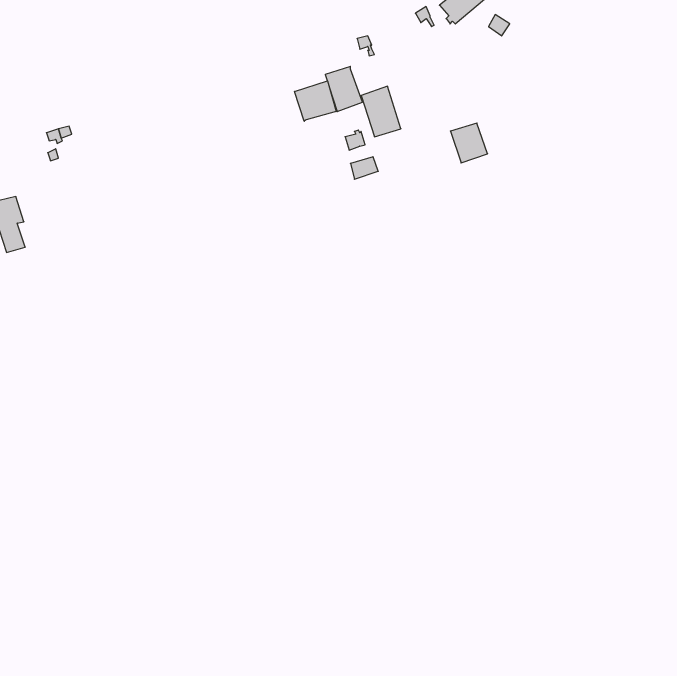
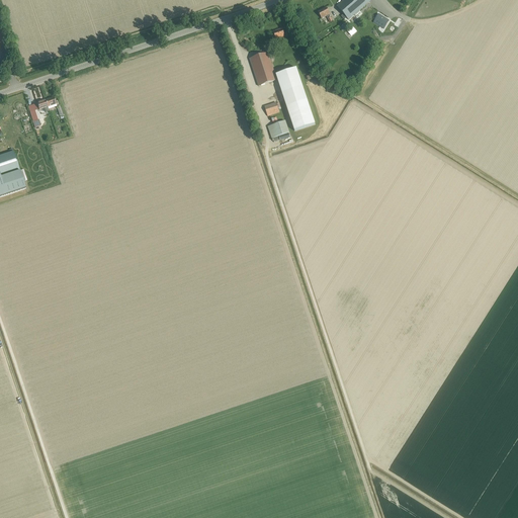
building: [295,81,336,121] -> none
building: [450,123,488,163] -> [285,98,314,128]

